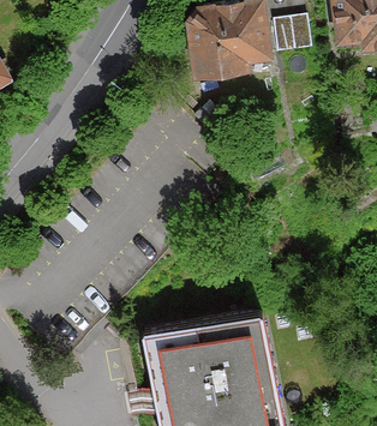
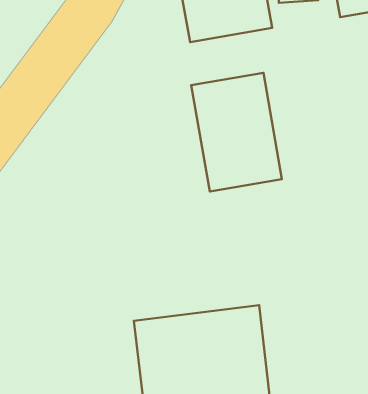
building: none -> [191,73,282,191]

